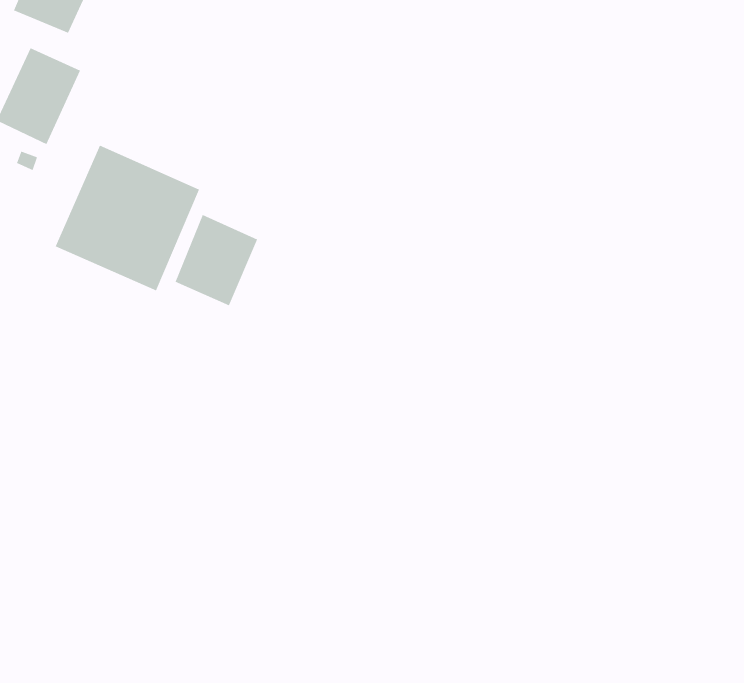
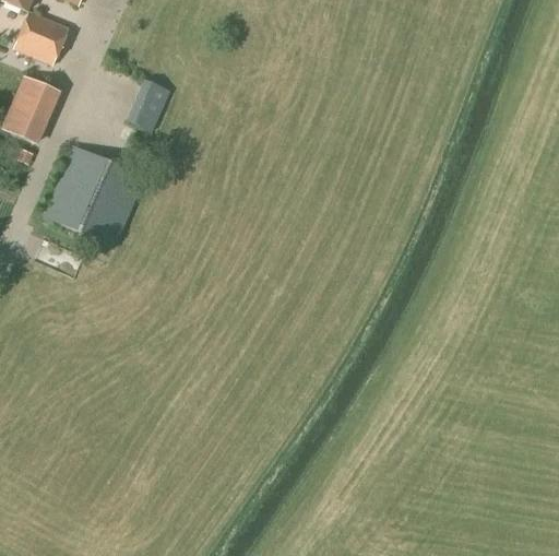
building: none -> [126,79,170,131]
building: [175,214,258,306] -> none

